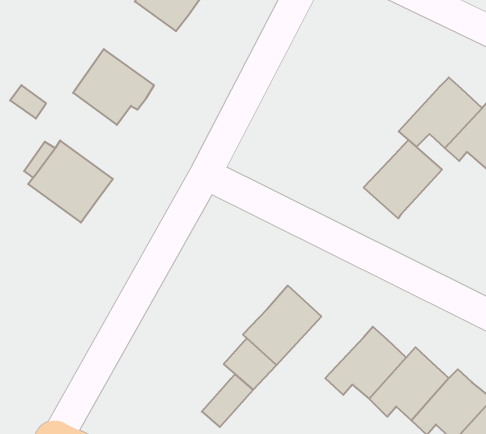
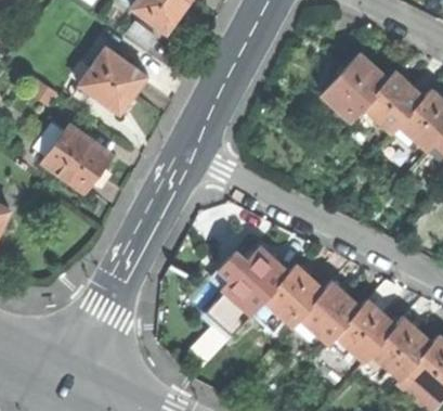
building: [364,140,442,218] -> [322,53,388,119]
building: none -> [250,264,324,333]

